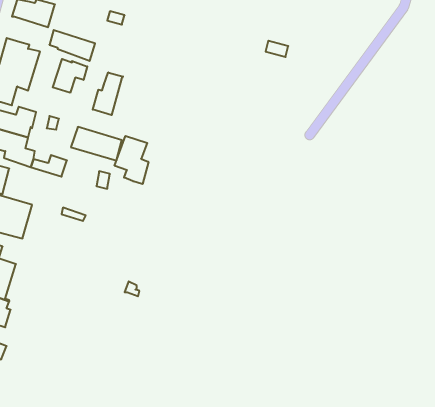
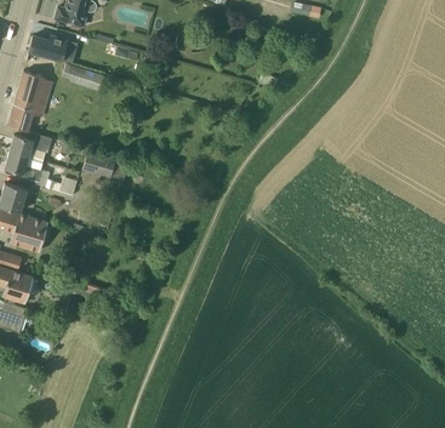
building: [53,59,87,93] -> none
building: [93,72,123,115] -> none
building: [115,136,148,184] -> none

